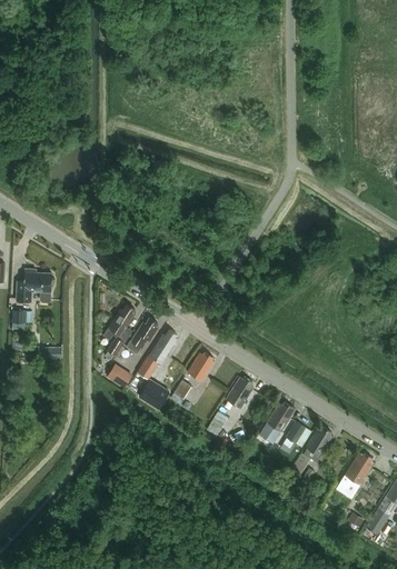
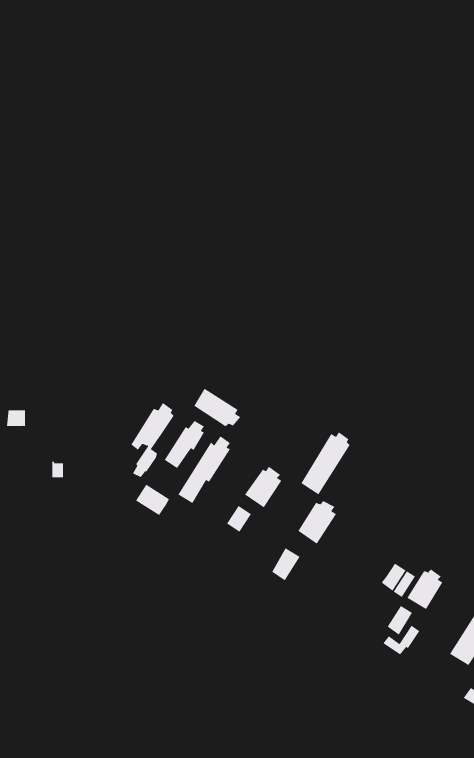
building: [17,268,51,301] -> none
building: none -> [193,388,241,427]
building: [139,379,169,408] -> none
building: [257,402,294,449] -> [301,432,351,495]

